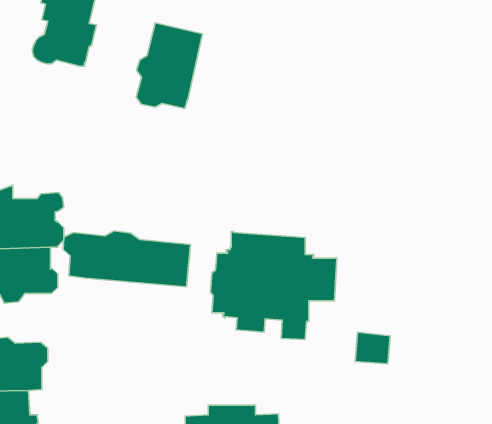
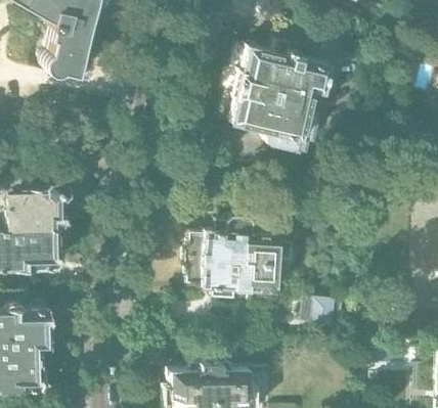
building: none -> [231,41,327,154]
building: [136,23,202,108] -> none
building: [63,231,191,287] -> none

